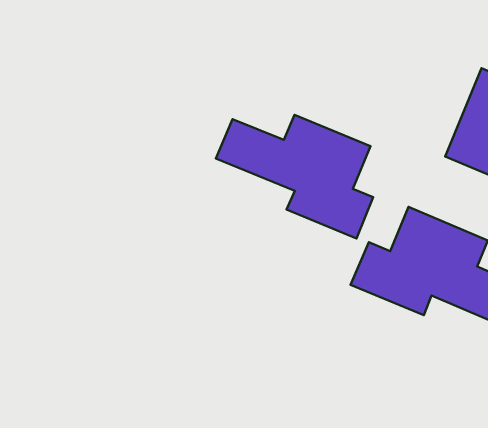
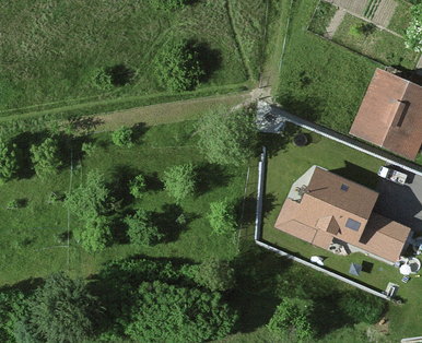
building: [216,115,373,239] -> none

